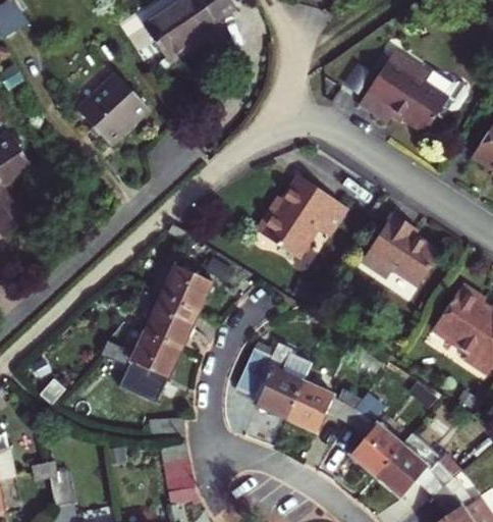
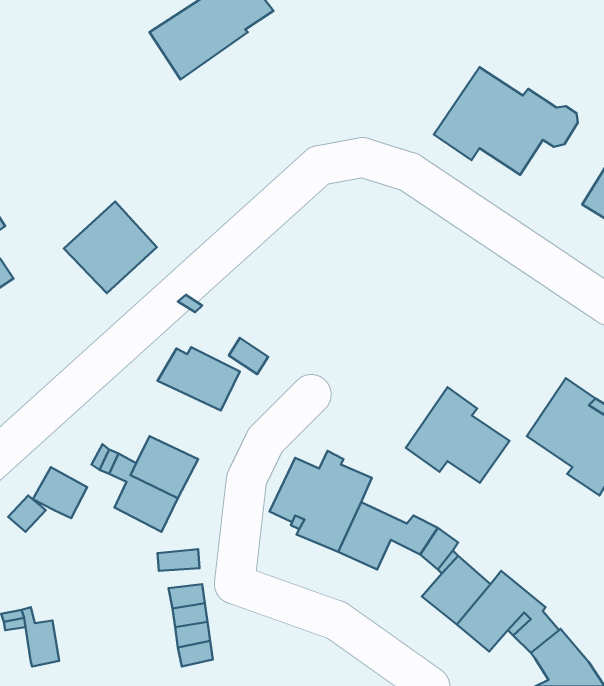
building: [79,74,150,144] -> [64,202,157,293]
building: [256,174,346,257] -> none
building: [360,214,438,286] -> [406,387,509,483]
building: [145,294,199,348] -> none
building: none -> [33,467,87,518]

